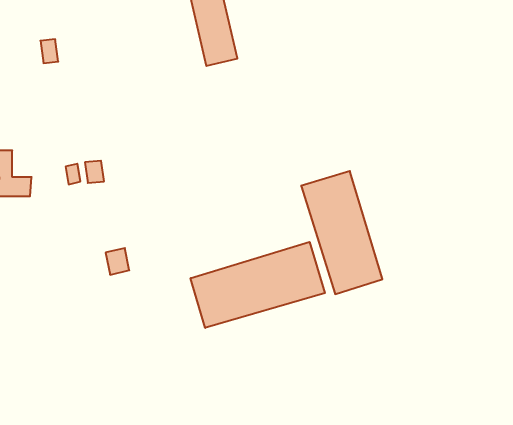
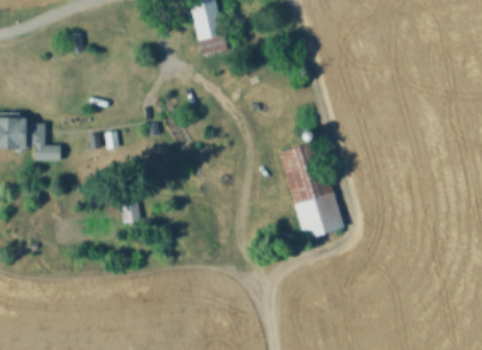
building: [191,242,325,328] -> none

